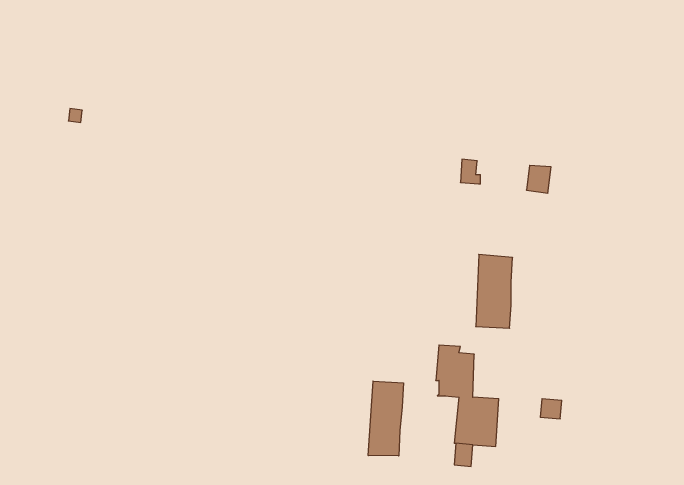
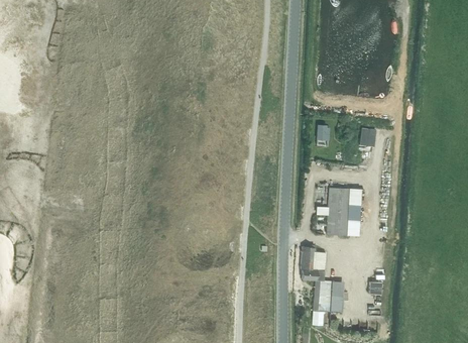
building: [368,381,403,456] -> none

